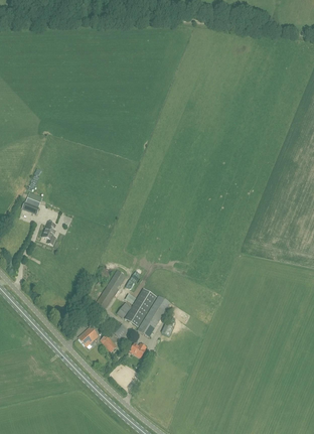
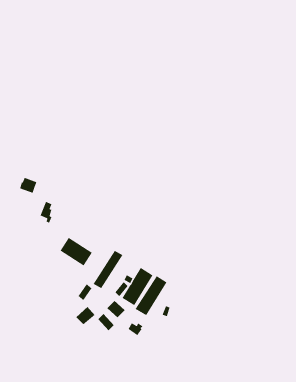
building: none -> [60,237,93,266]

